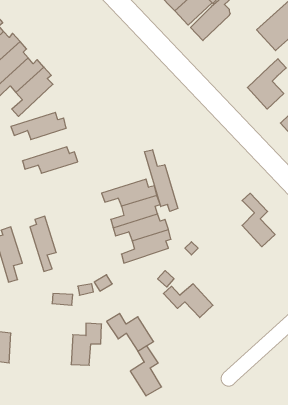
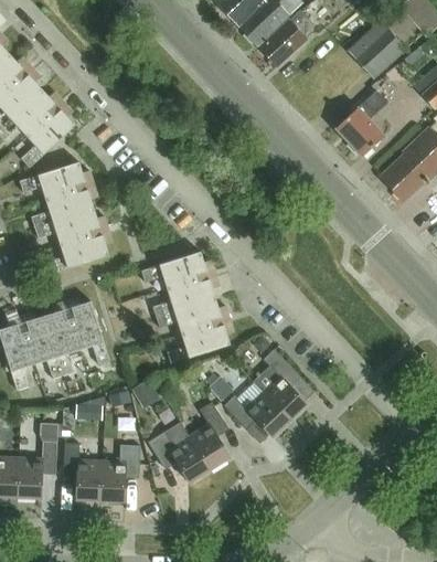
building: none -> [31,183,97,227]
building: [145,150,178,211] -> none
building: none -> [45,229,111,274]
building: [242,193,275,247] -> [263,349,307,421]
building: none -> [64,297,109,364]
building: none -> [19,311,63,379]
building: none -> [17,424,57,498]
building: none -> [63,443,102,500]
building: [130,346,162,396] -> [189,402,231,469]

